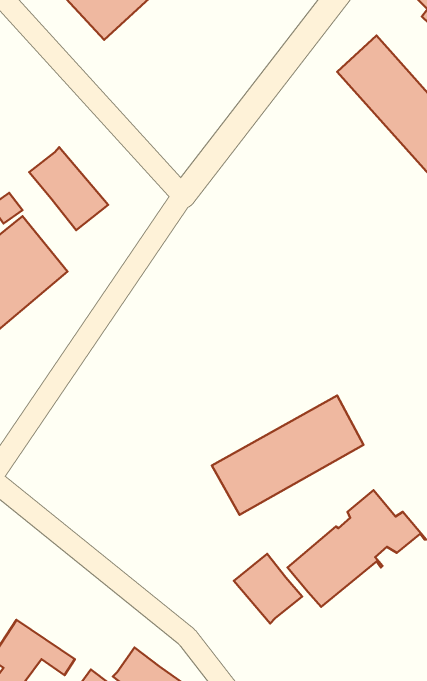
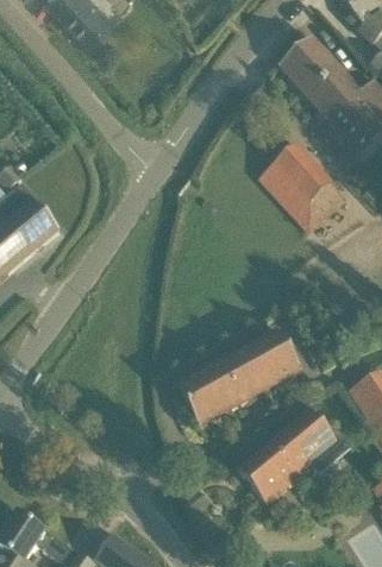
building: [29,147,108,230] -> none
building: none -> [258,140,346,231]
building: [234,554,302,623] -> none

